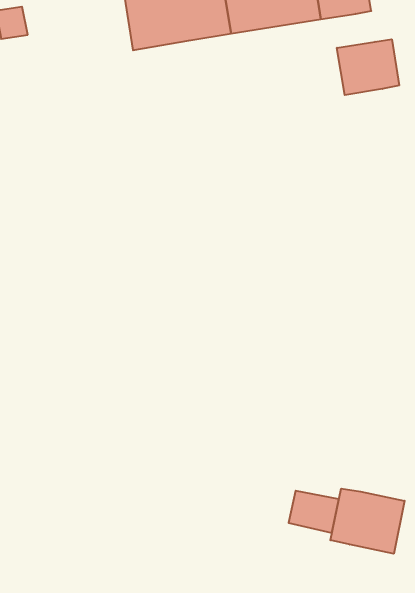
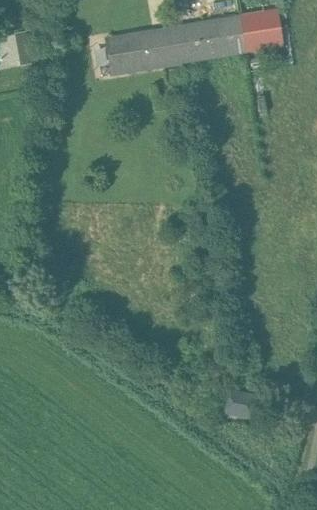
building: [337,39,399,95] -> none
building: [330,489,405,554] -> none

